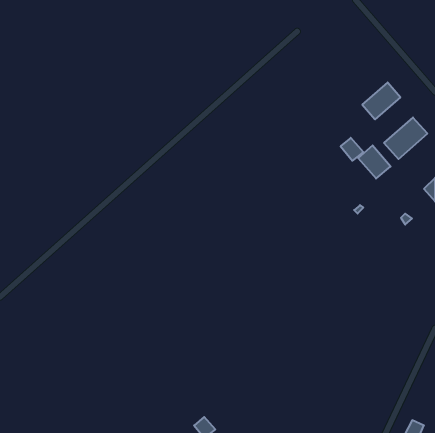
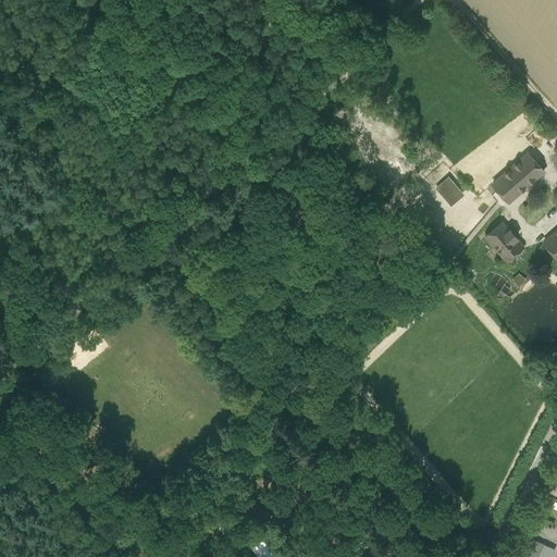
building: [362,82,400,119] -> none
building: [358,145,391,179] -> [483,222,524,264]

